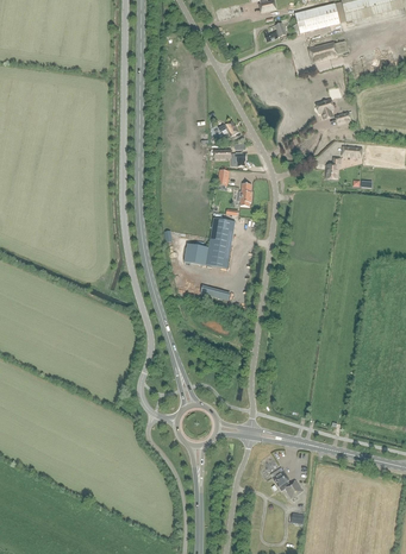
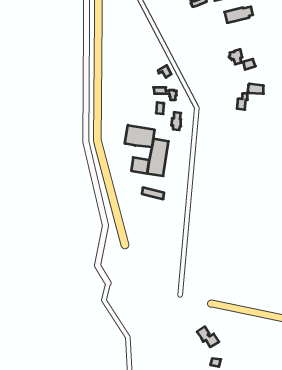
building: none -> [125,125,154,147]

